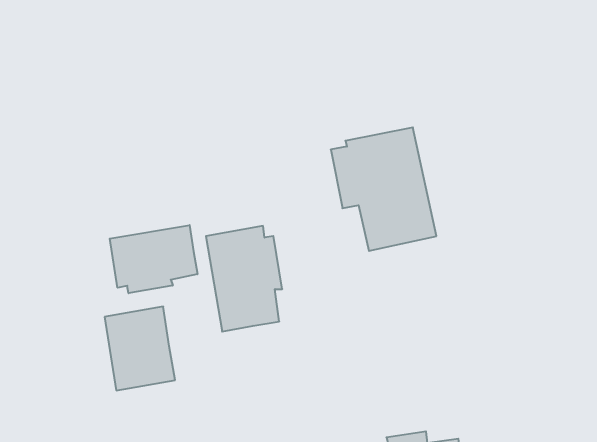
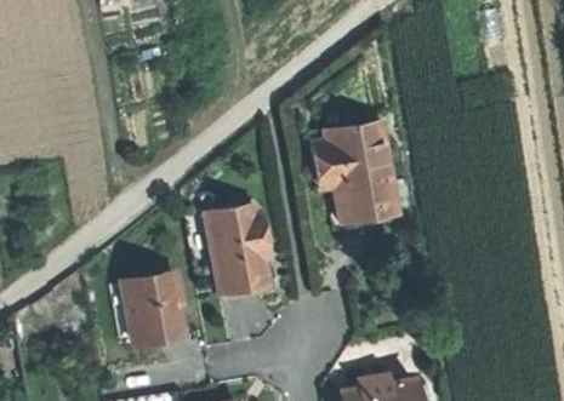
building: [110,225,197,293] -> none

